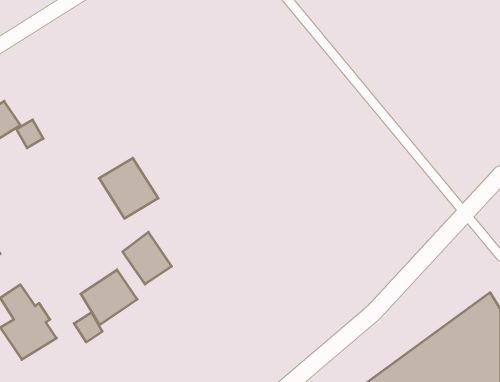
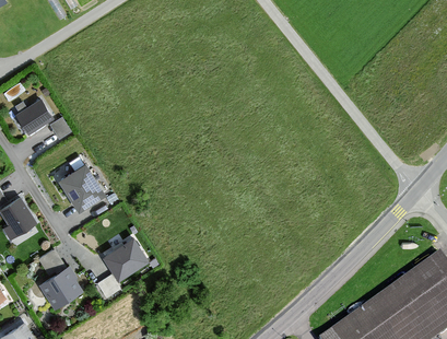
building: [99,158,158,218] -> [59,162,107,211]
building: [123,232,172,284] -> none

